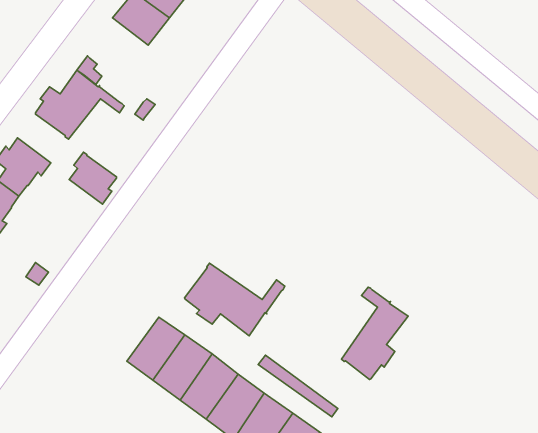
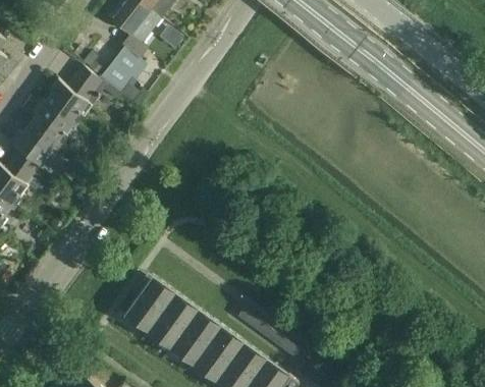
building: none -> [100,47,146,97]
building: [69,152,117,204] -> [30,100,70,145]
building: [185,263,285,336] -> none
building: [342,287,408,379] -> none

